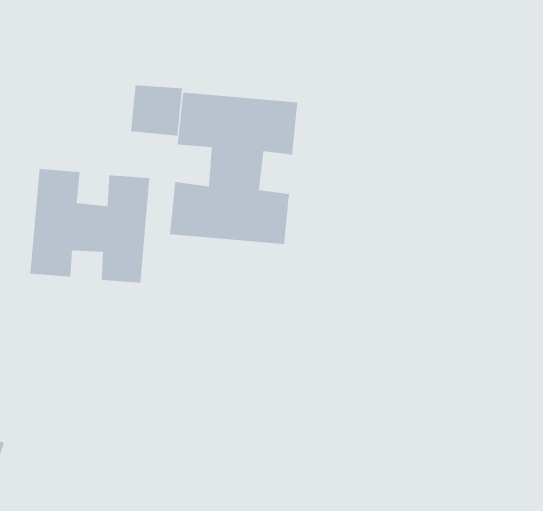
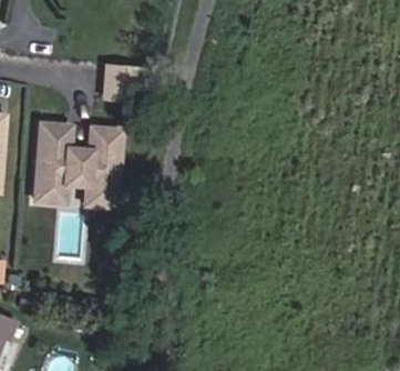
building: [169,92,298,245] -> none

